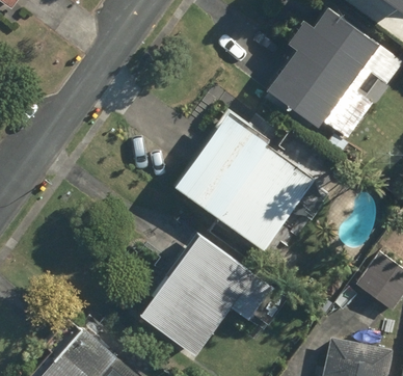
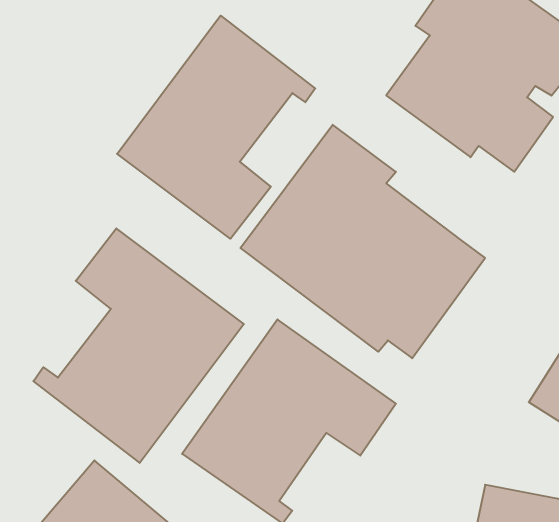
building: none -> [117,16,315,239]
building: none -> [33,228,244,463]

